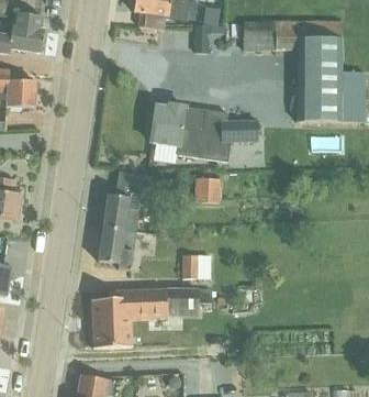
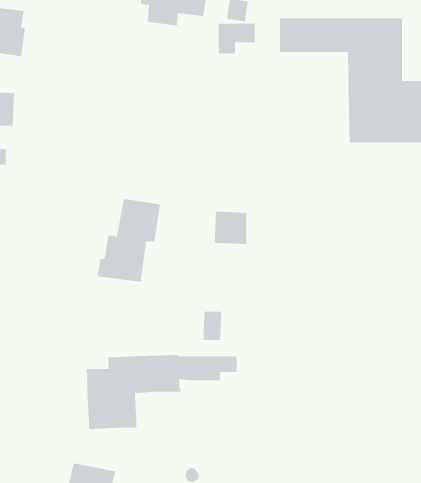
building: [150,103,259,162] -> none
building: [98,227,135,269] -> none

